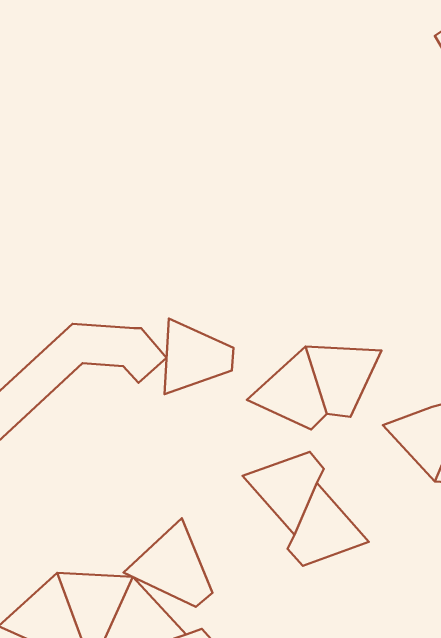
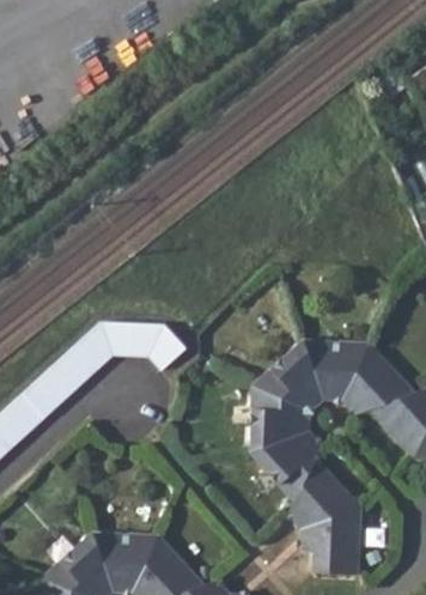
building: [165,318,233,394] -> [250,385,309,450]
building: none -> [342,344,412,413]
building: [123,518,213,607] -> none
building: none -> [300,506,358,572]

